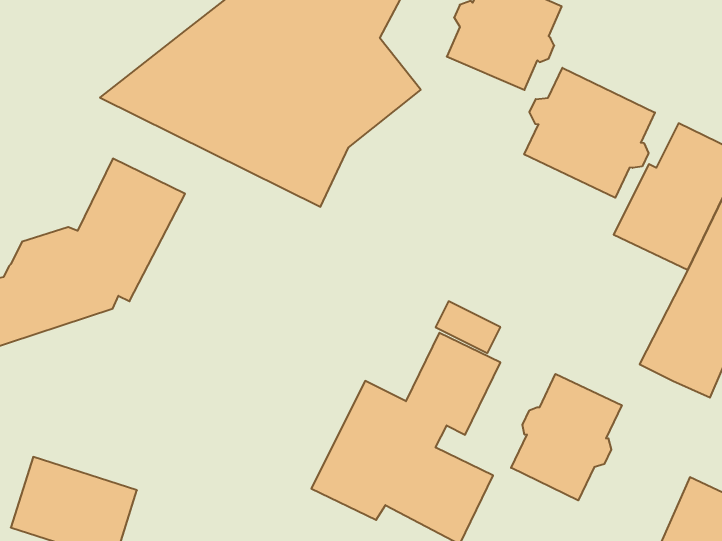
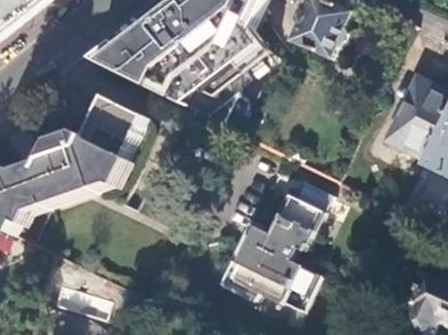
building: [524,68,655,198] -> none
building: [511,374,622,500] -> none

